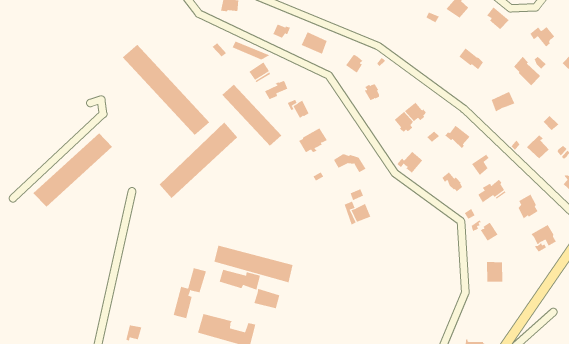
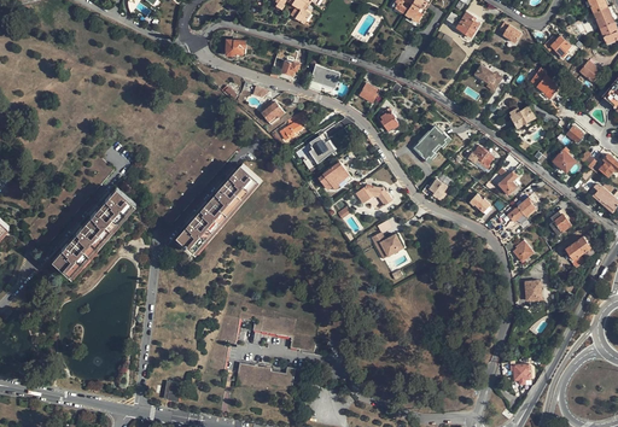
building: [122,44,210,136] -> none
building: [221,84,282,147] -> none
building: [214,245,293,283] -> none

